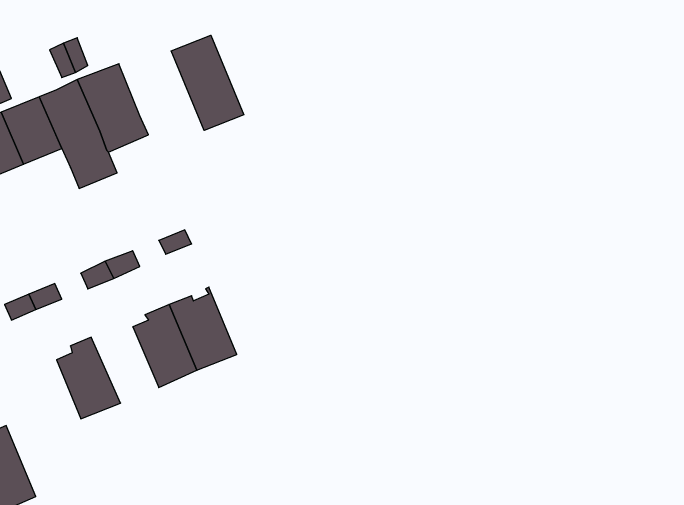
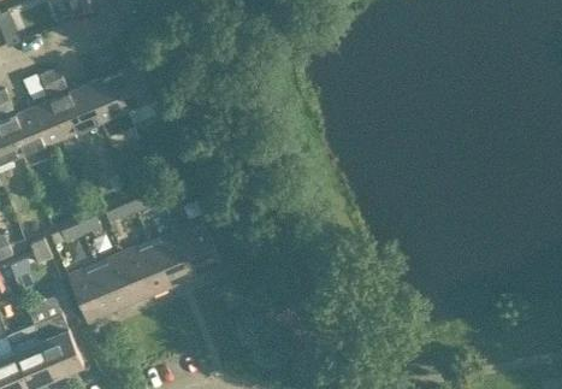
building: [171,35,244,130] -> none
building: none -> [120,247,167,300]
building: none -> [66,270,113,323]

